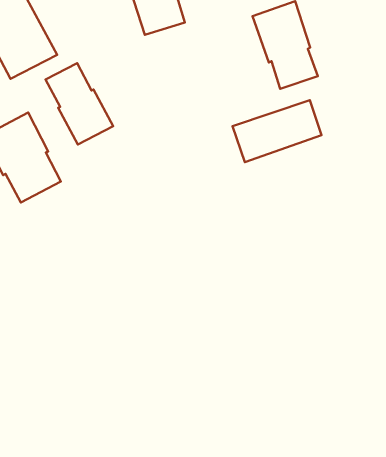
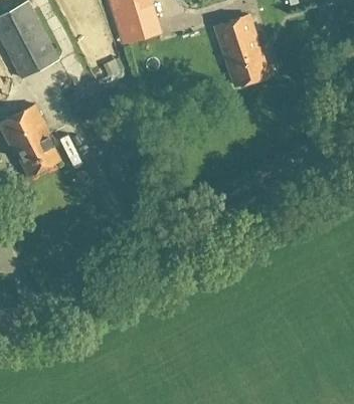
building: [46,63,113,145] -> none
building: [232,100,322,162] -> none

